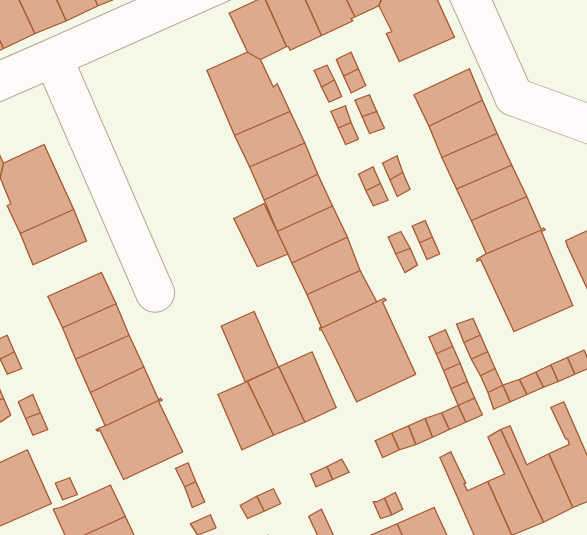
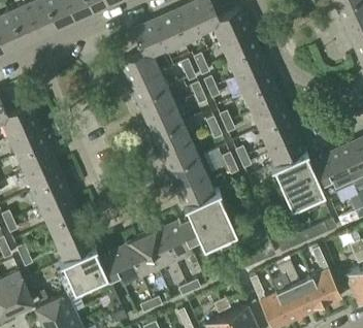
building: none -> [227,43,266,75]
building: [234,204,288,267] -> none
building: none -> [23,157,61,188]
building: [221,311,278,382] -> [107,242,139,282]

